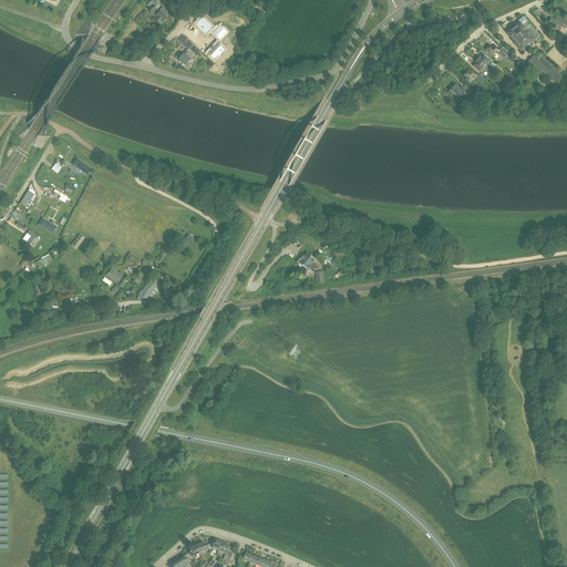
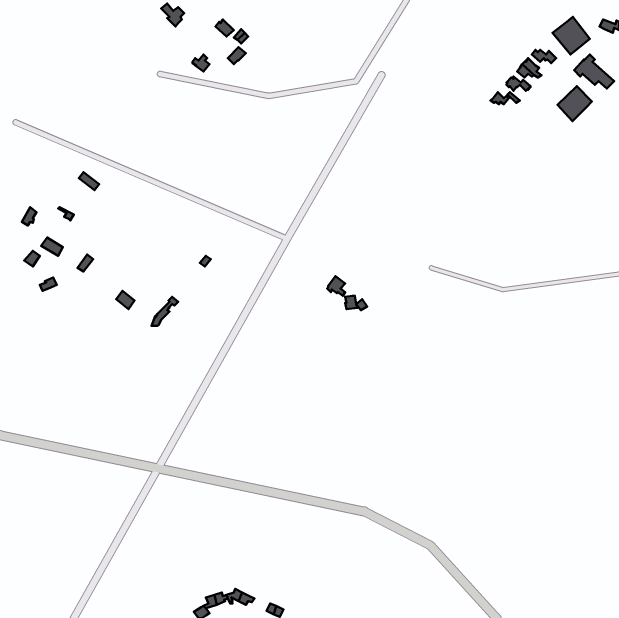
building: none -> [557,86,592,121]

